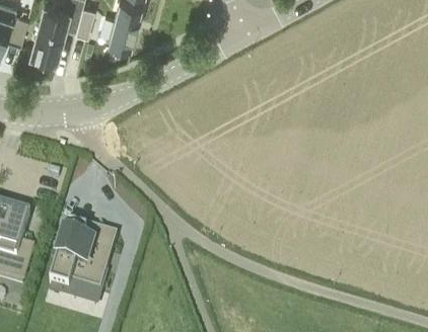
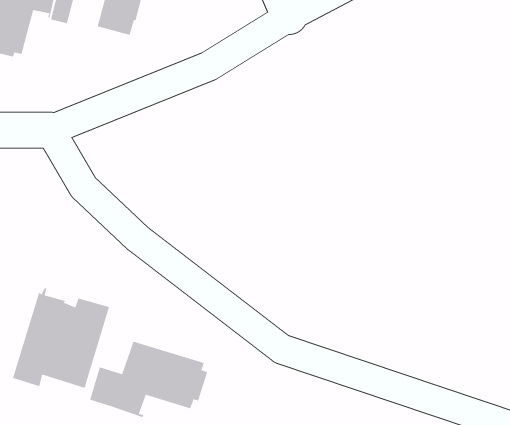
building: none -> [90,341,208,418]

